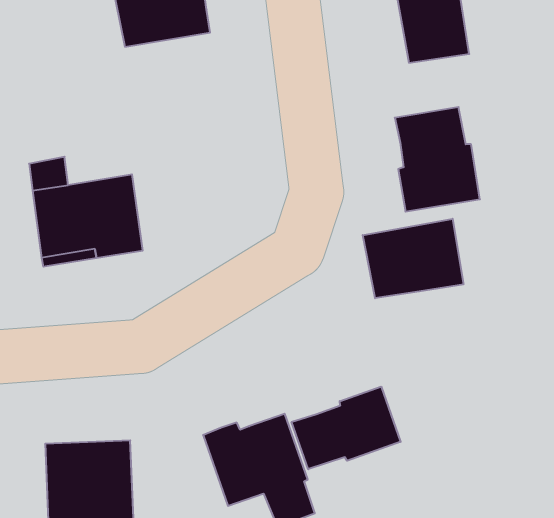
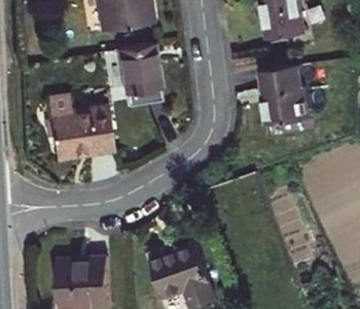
building: none -> [120,45,159,95]
building: [363,219,463,298] -> none
building: [292,387,401,469] -> none

